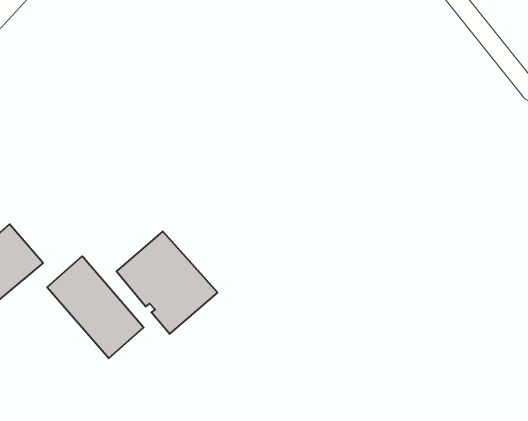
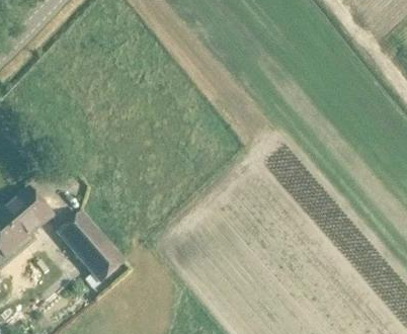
building: [117,231,217,334] -> none

